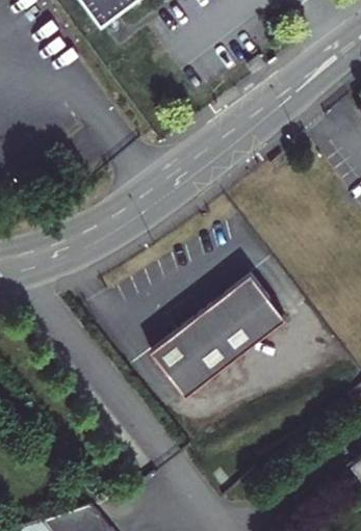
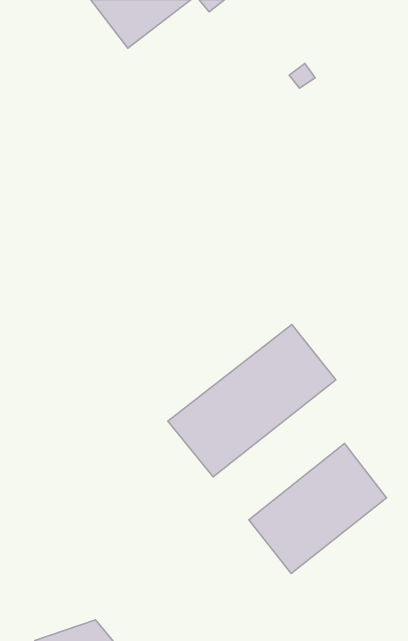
building: none -> [249,443,387,573]

